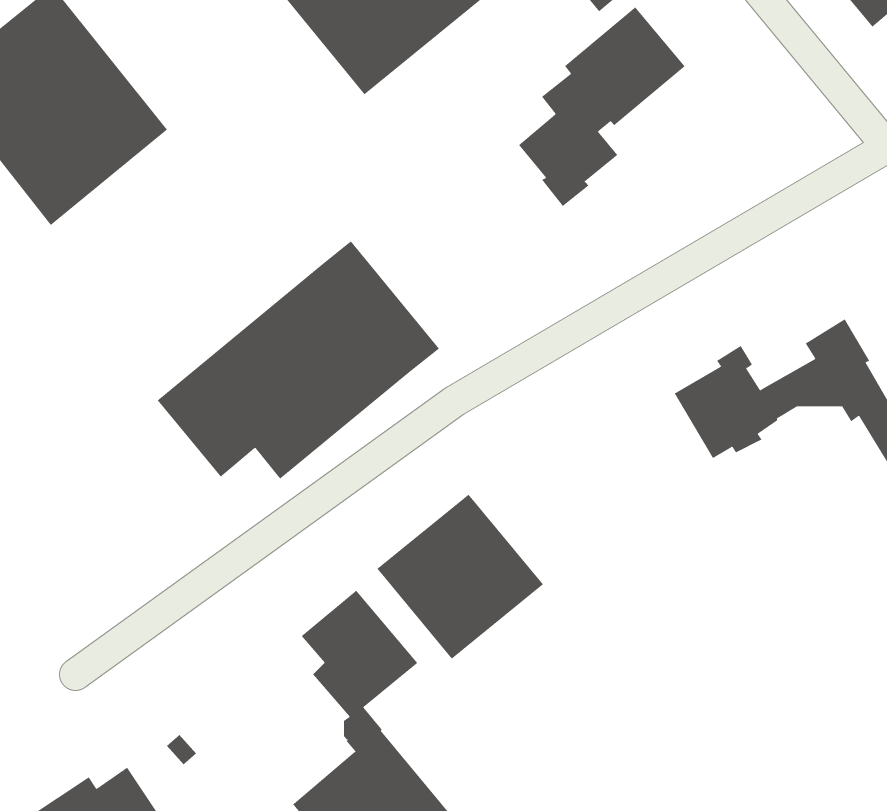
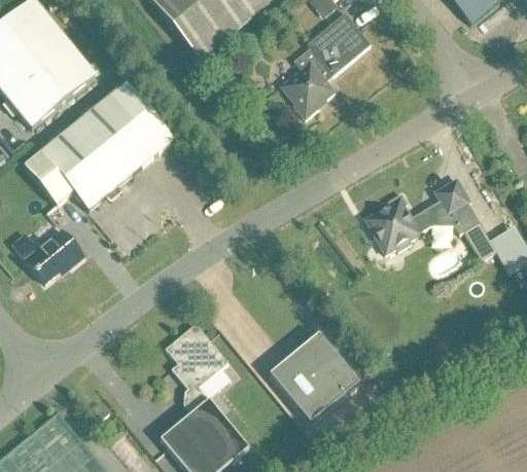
building: [157,241,440,479] -> [23,81,174,209]
building: none -> [26,227,84,281]
building: [376,494,544,659] -> [270,332,359,421]

